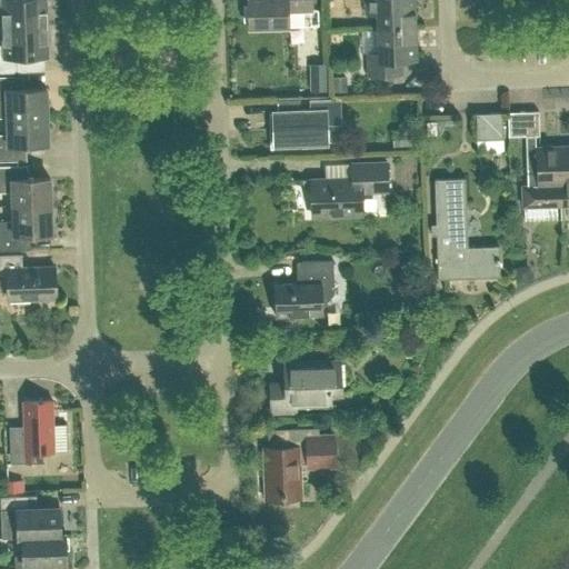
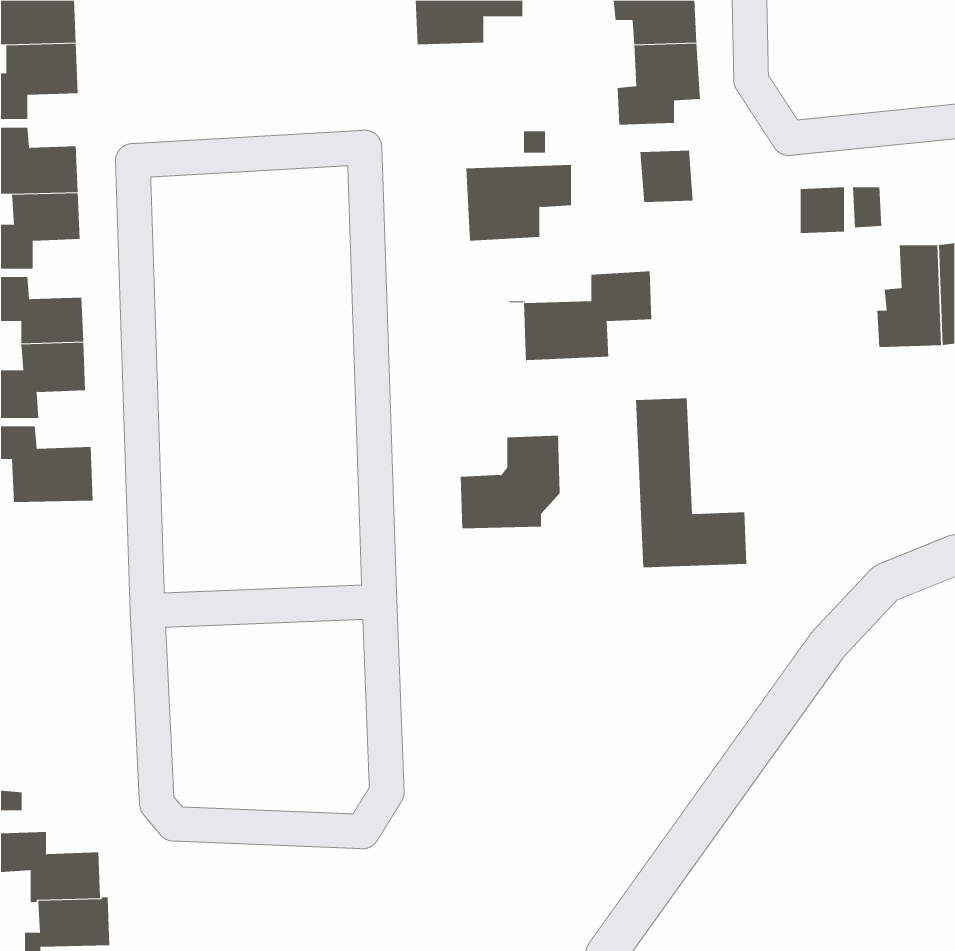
building: none -> [640,150,693,203]
building: [433,179,500,280] -> [635,398,747,568]
building: [270,362,340,416] -> none
building: [9,401,53,465] -> none
building: [263,429,335,498] -> none

